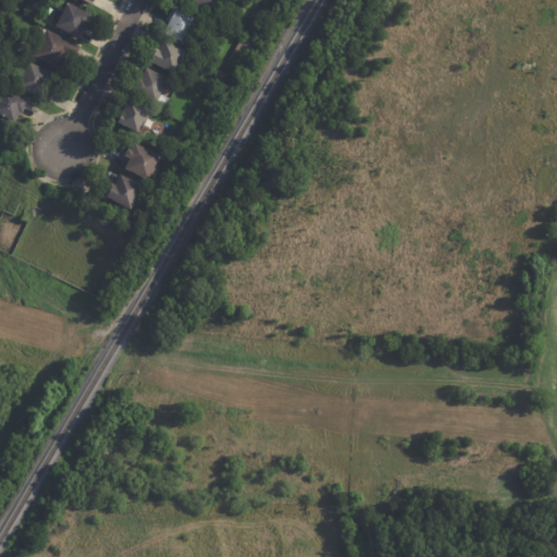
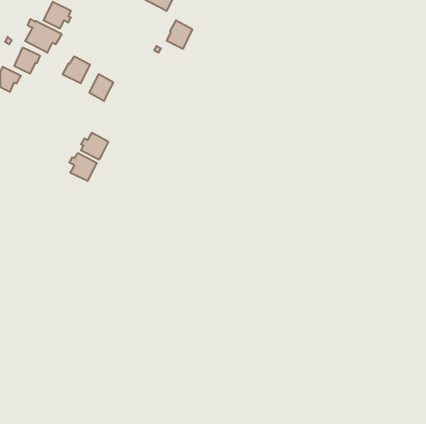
building: [165,8,199,45] -> [167,20,192,49]
building: [149,38,185,73] -> none
building: [131,66,166,101] -> [63,57,90,83]
building: [123,144,159,180] -> [69,153,97,181]

